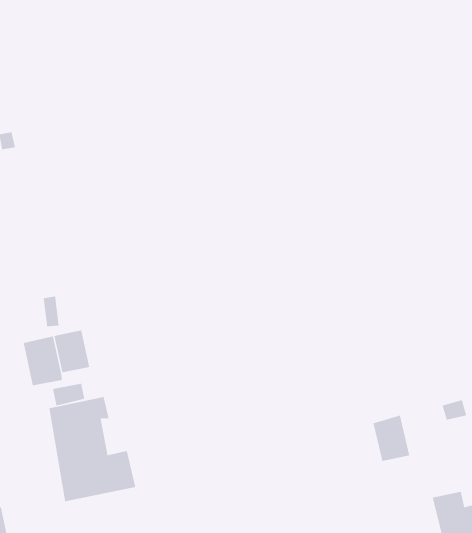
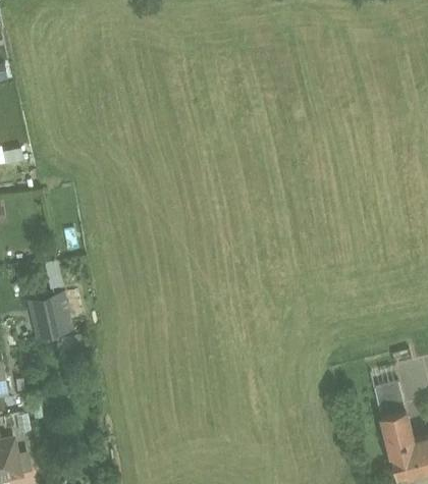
building: [49,396,136,502] -> none
building: [372,415,410,462] -> [374,389,407,430]

